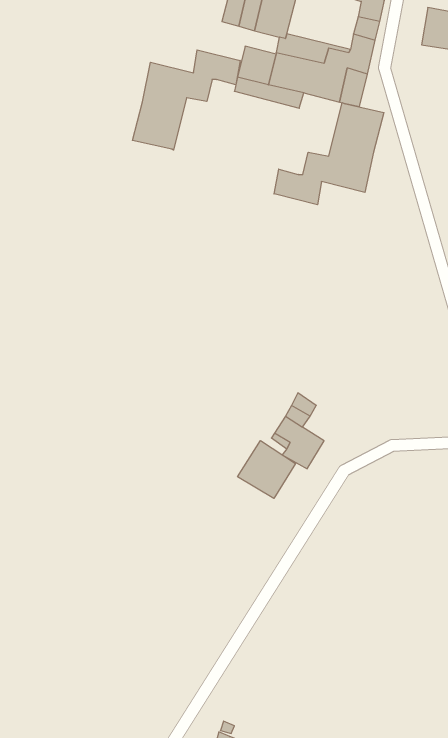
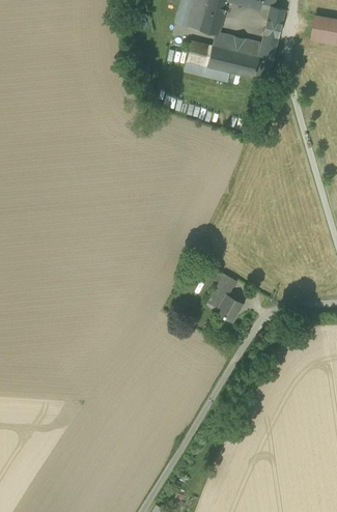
building: [132,50,240,150] -> none
building: [274,103,384,205] -> none
building: [238,441,296,498] -> none

